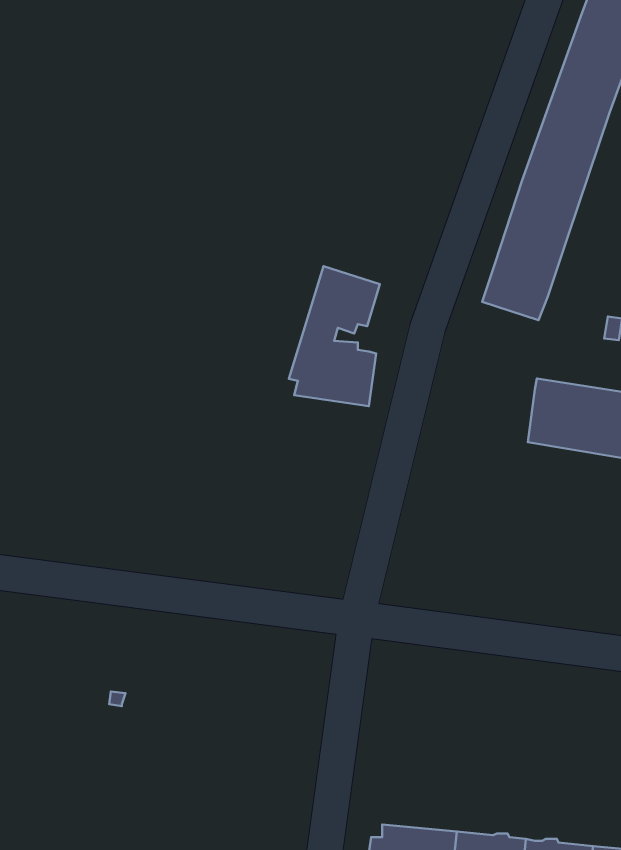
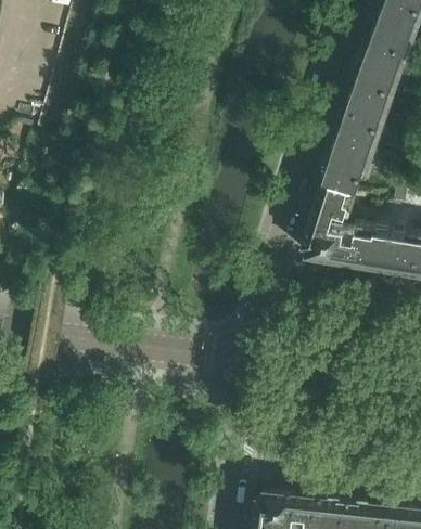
building: [289,266,380,406] -> [302,182,356,266]

